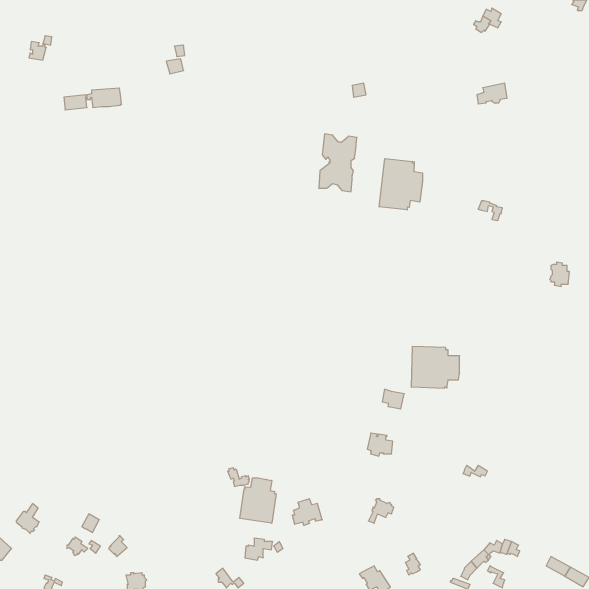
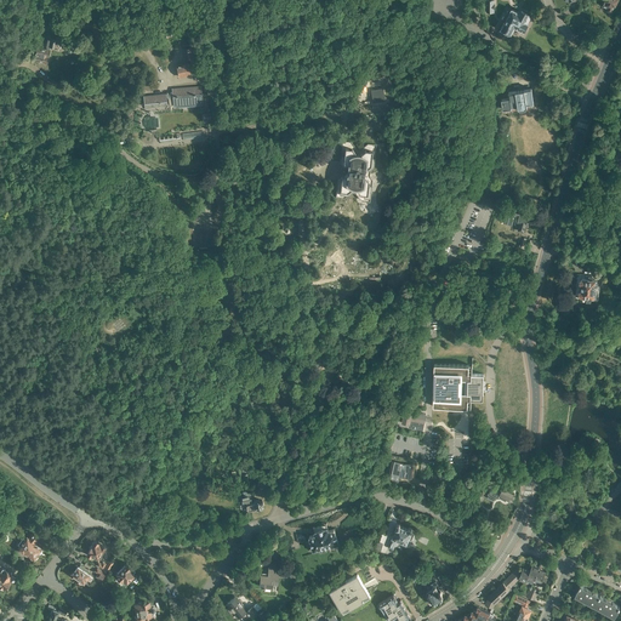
building: [64,88,122,110] -> [142,87,203,110]
building: [379,159,423,210] -> none
building: [240,478,276,523] -> none
building: none -> [323,575,368,611]

